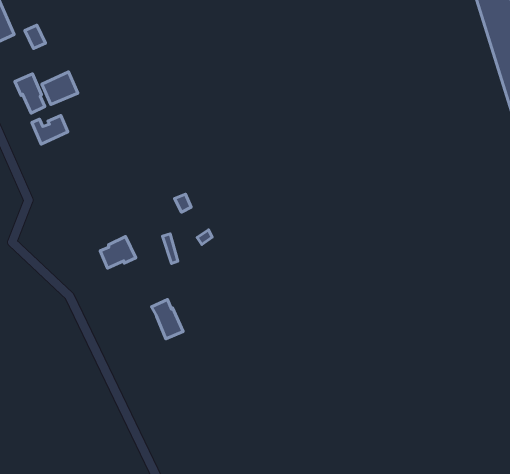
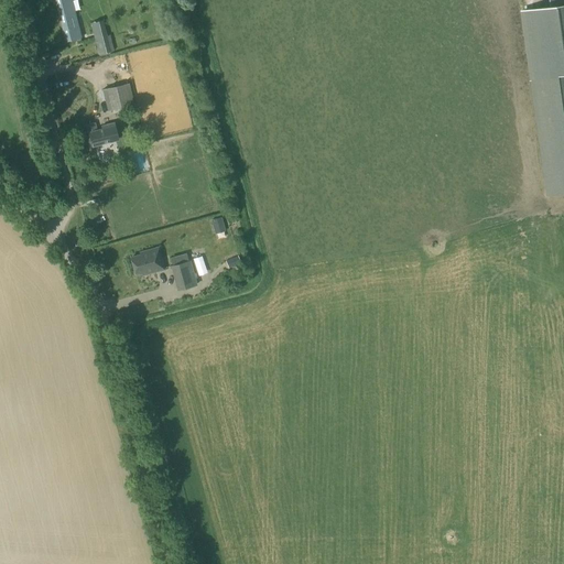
building: [15,74,45,113] -> none
building: [151,299,183,339] -> [171,252,197,290]

